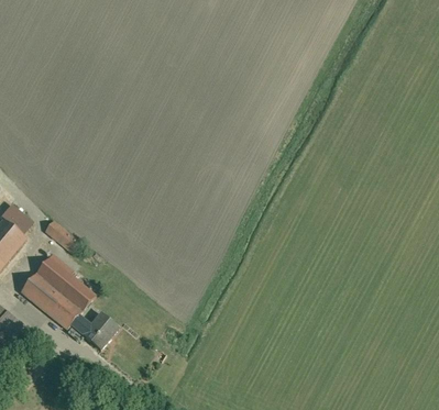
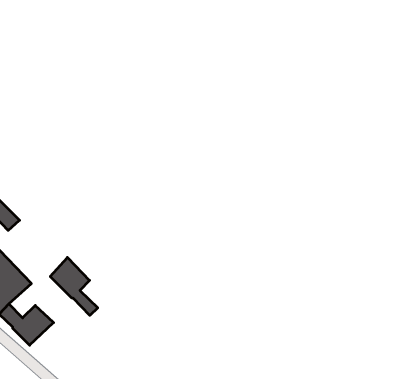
building: none -> [50,257,98,315]

